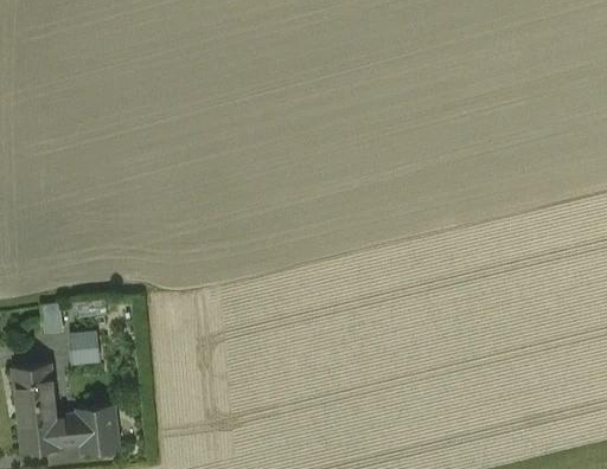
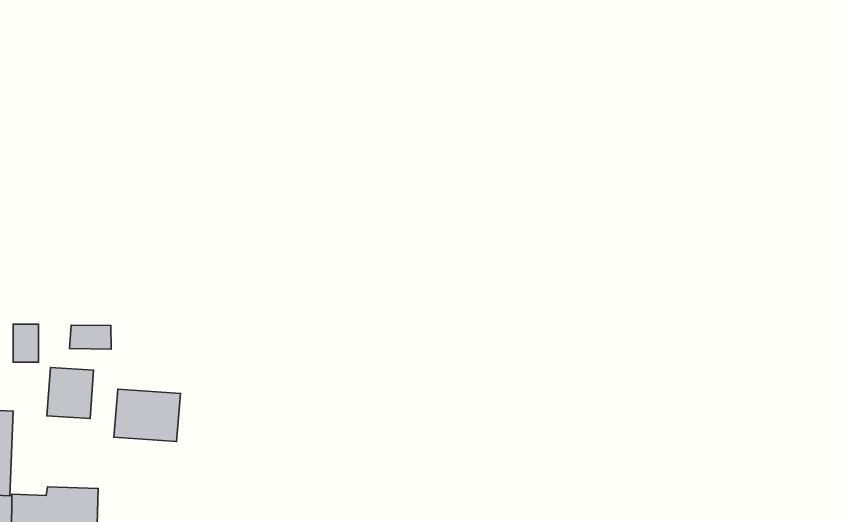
building: none -> [114,389,180,442]

